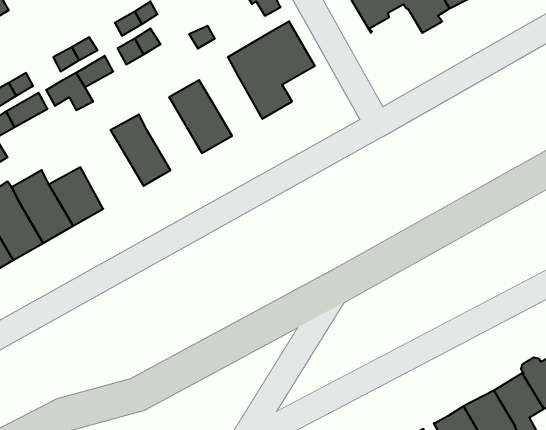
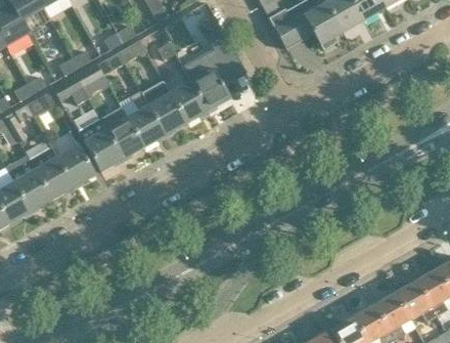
building: none -> [170,79,209,122]
building: none -> [126,90,166,146]
building: none -> [78,118,124,171]

